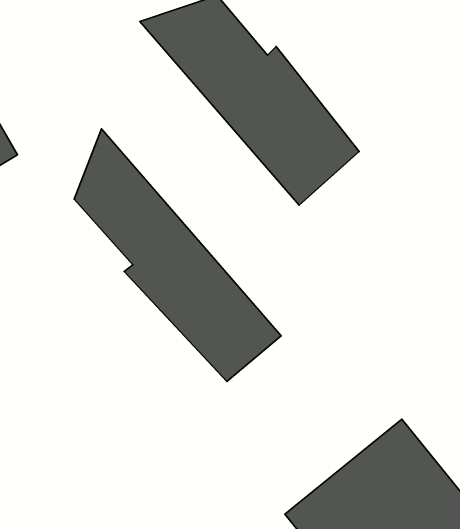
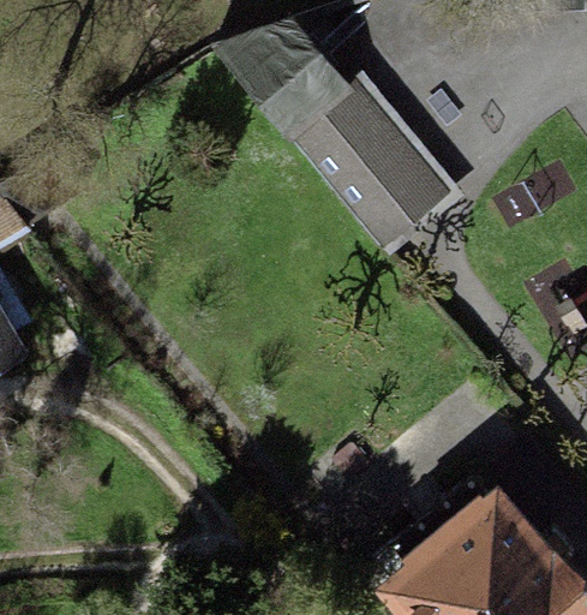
building: [74,129,281,382] -> none

